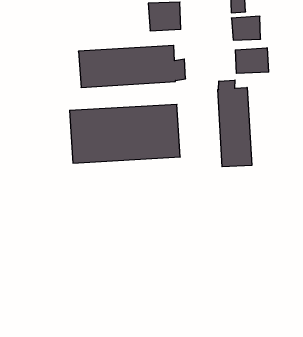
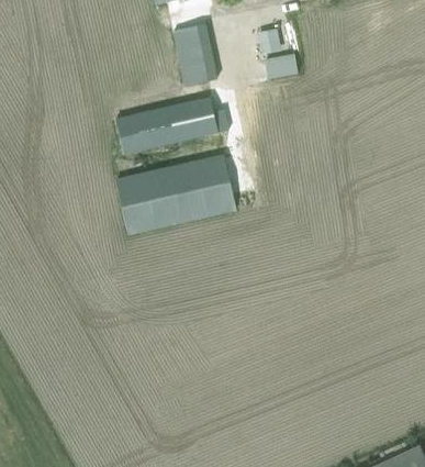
building: [235,48,269,73] -> none
building: [218,80,252,167] -> none

